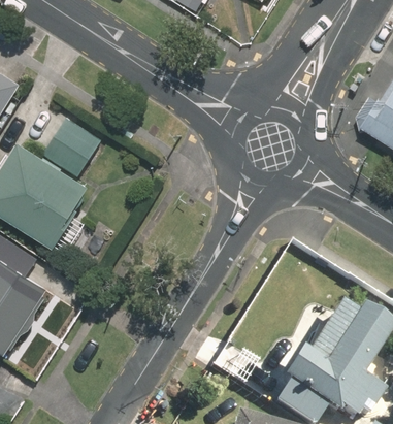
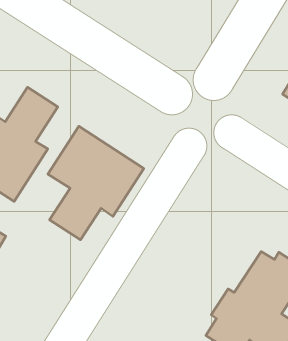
building: none -> [48,126,144,240]

